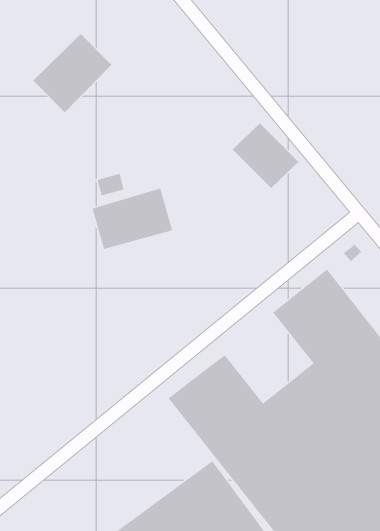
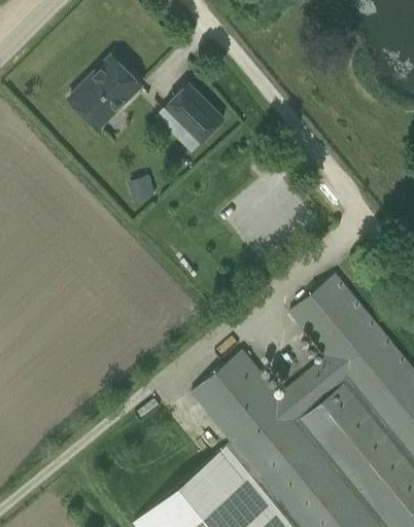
building: [232,122,299,189] -> [163,84,225,145]
building: [92,188,173,250] -> none

